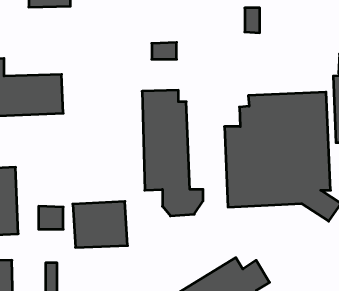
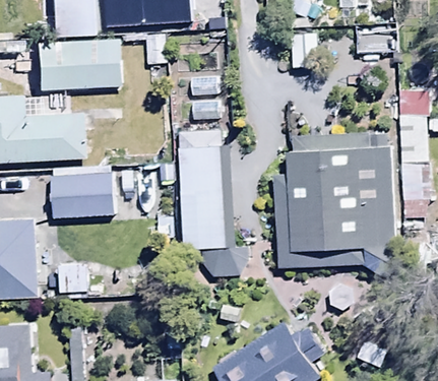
building: none -> [36,39,122,91]
building: [73,201,128,247] -> [51,167,114,219]

